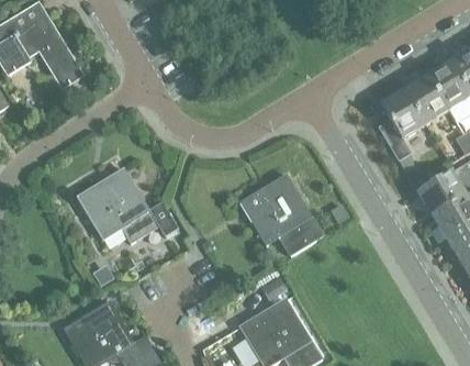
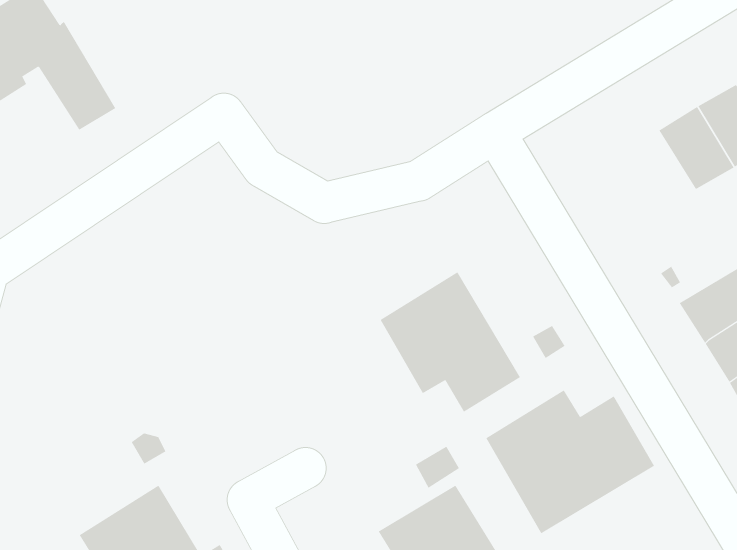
building: [378,89,427,160] -> none
building: [77,167,179,243] -> none
building: none -> [486,389,655,534]

